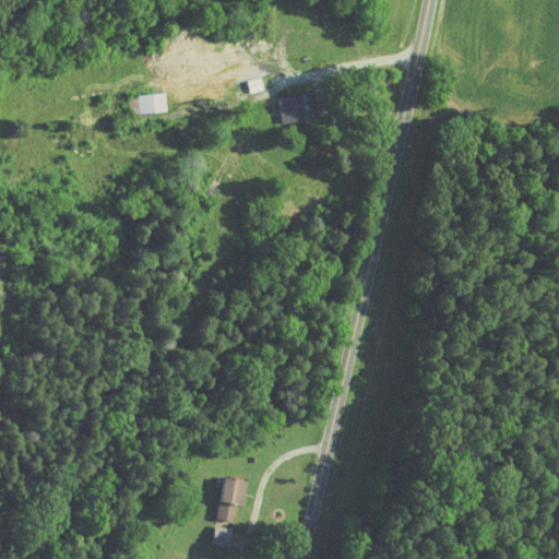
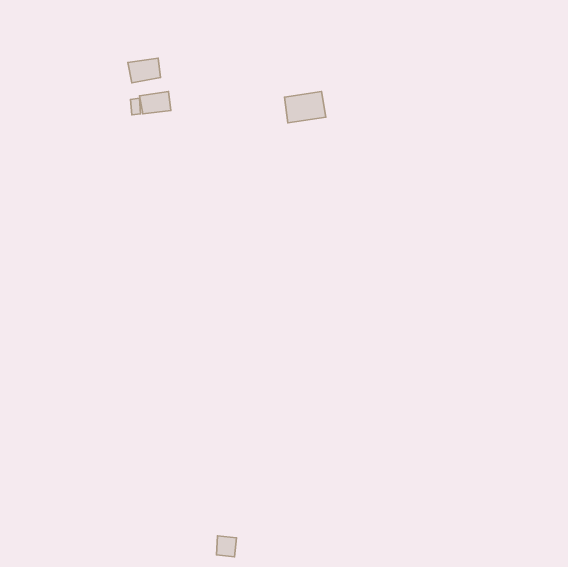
building: none -> [128,58,160,83]
building: [216,479,247,523] -> none

